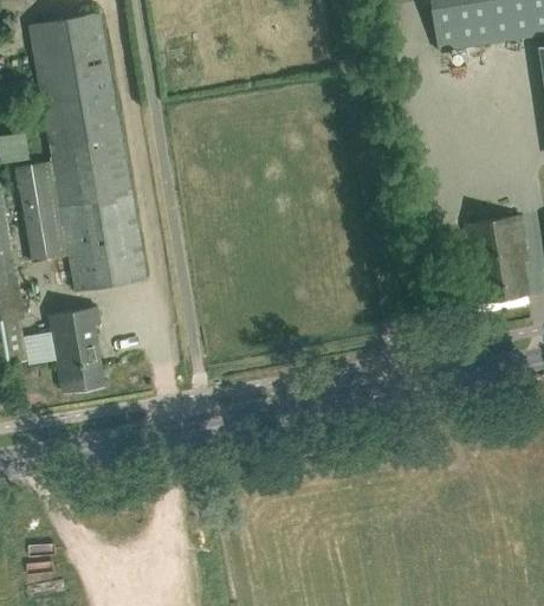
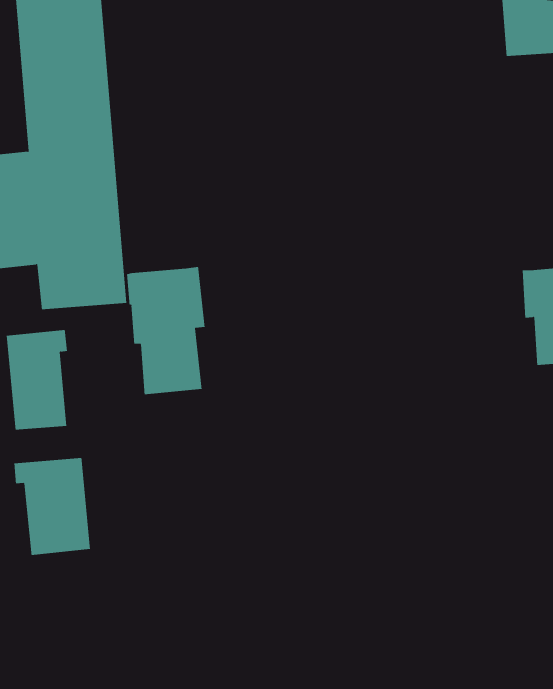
building: none -> [127,266,205,395]
building: none -> [14,457,90,556]

